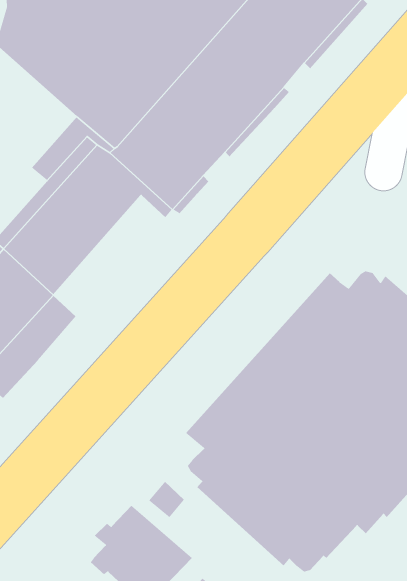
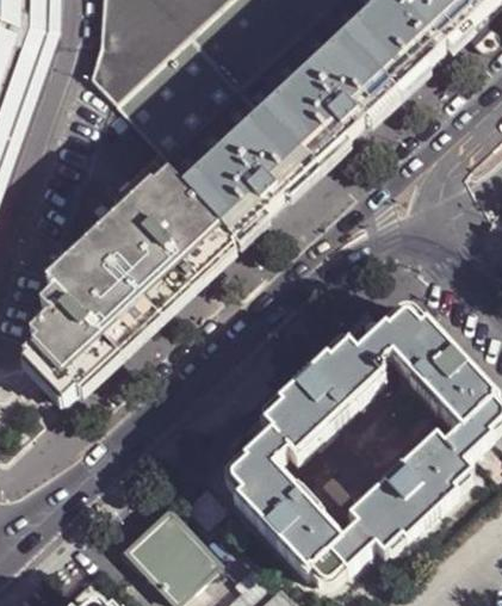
building: none -> [119,221,228,326]

